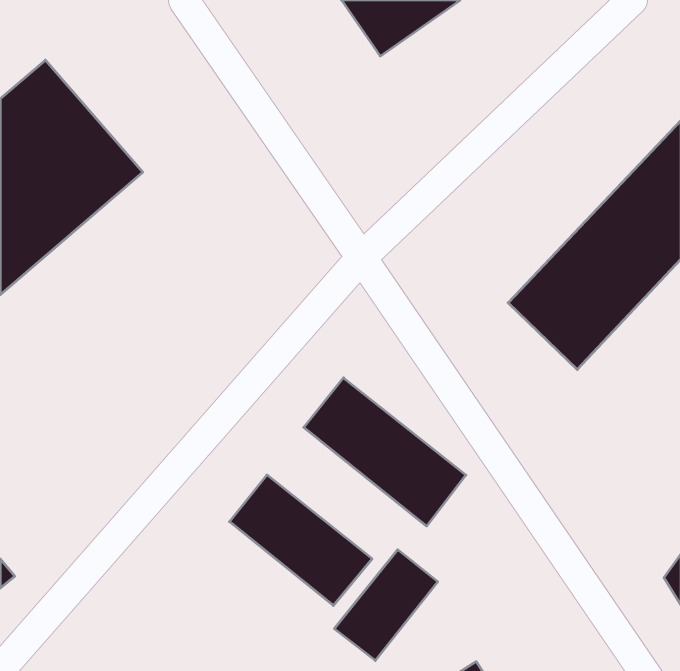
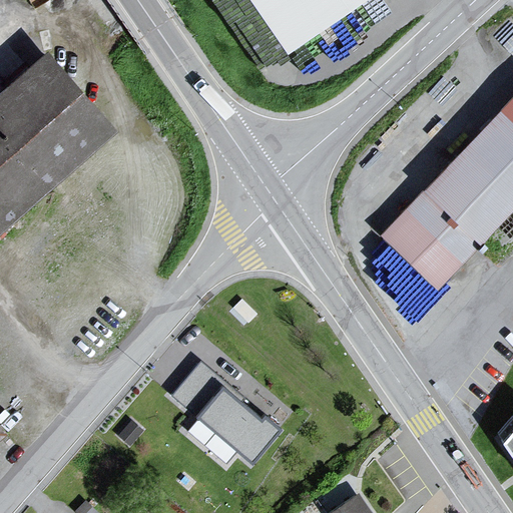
building: [304,378,466,526] -> none
building: [334,550,438,661] -> none

